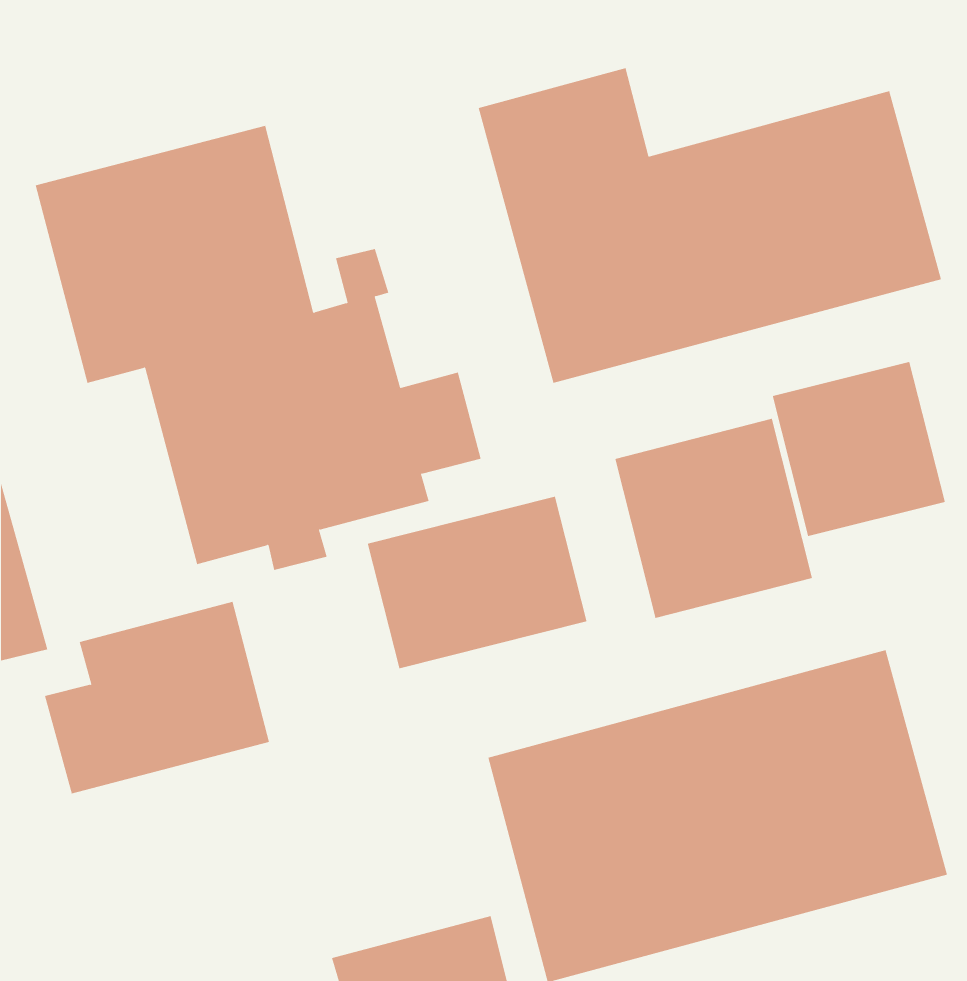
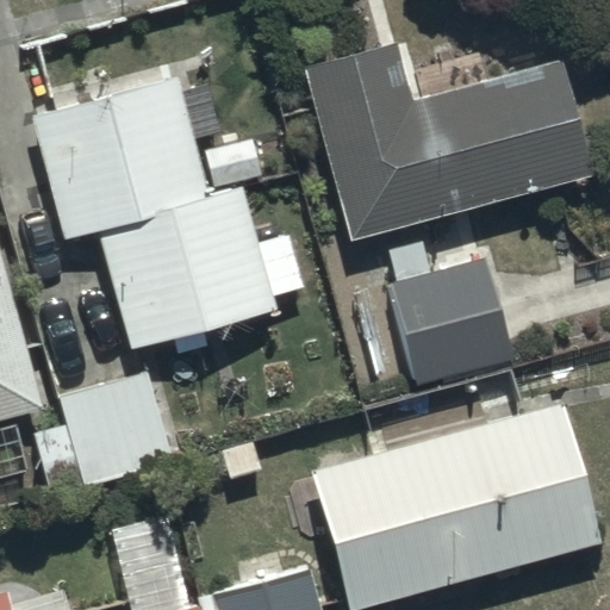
building: [772,361,945,537] -> none
building: [367,496,587,669] -> none

